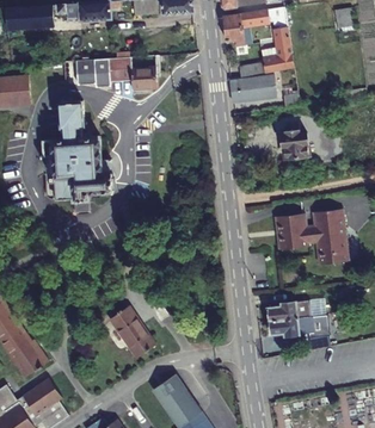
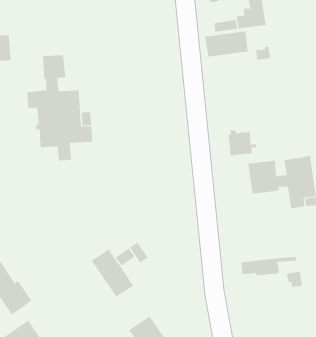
building: [76,56,161,91] -> none
building: [283,131,314,159] -> [228,130,257,156]
building: [266,297,312,318] -> none

